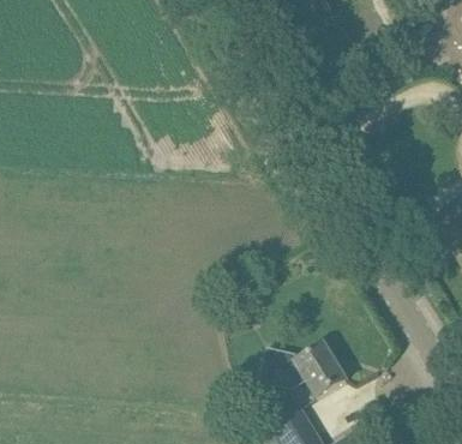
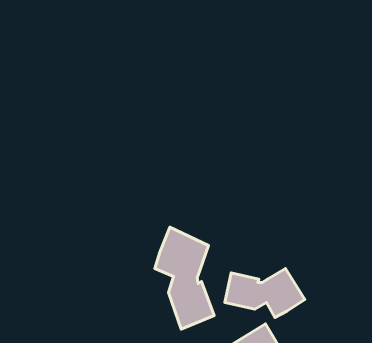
building: none -> [155,227,214,329]

